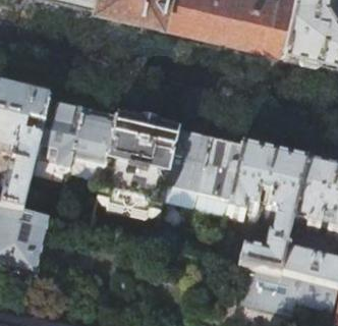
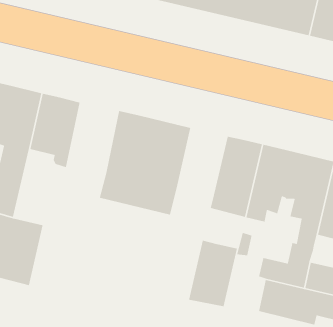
building: [68,112,114,173] -> none
building: [166,134,210,194] -> [188,240,238,307]

